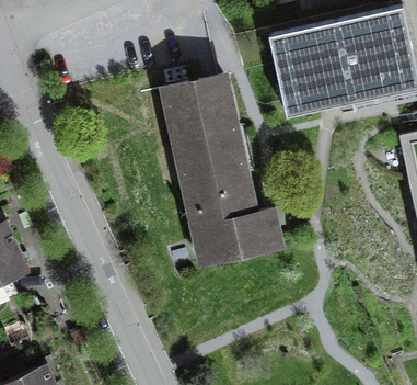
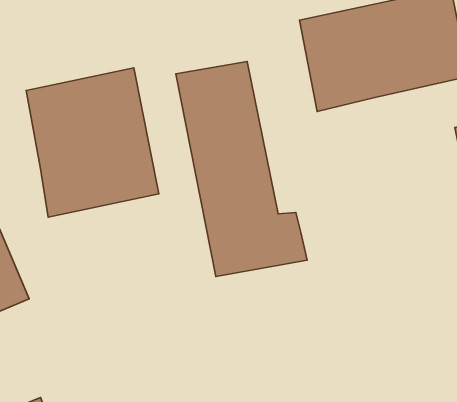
building: none -> [26,68,159,217]

